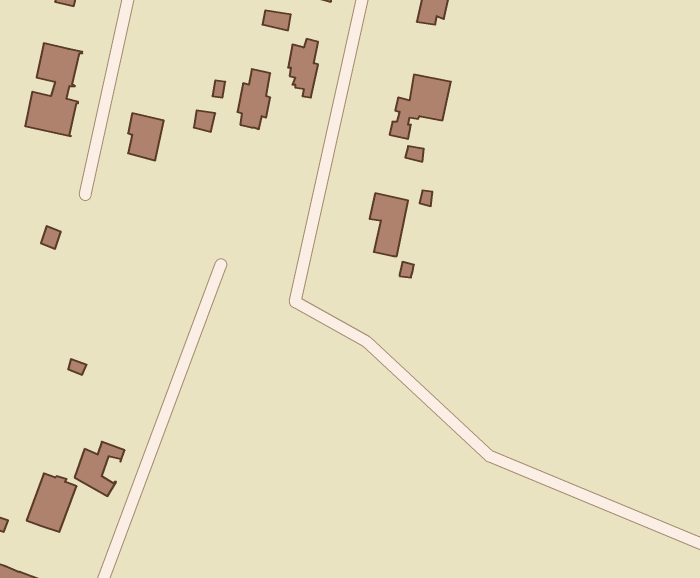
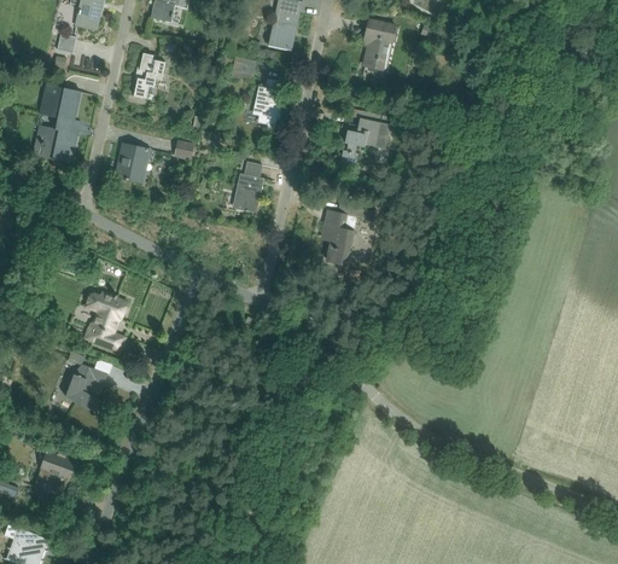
building: none -> [134,53,165,100]
building: [237,69,270,129] -> [234,162,262,213]
building: none -> [83,290,127,351]
building: [75,442,125,496] -> [65,367,107,413]

